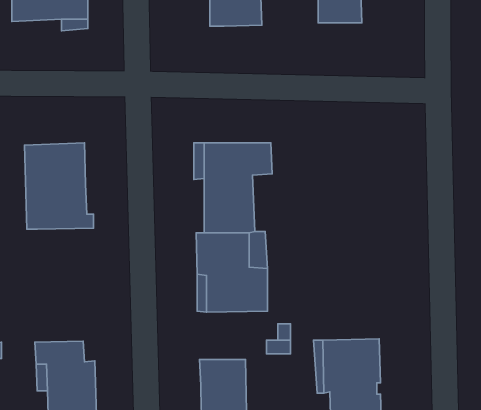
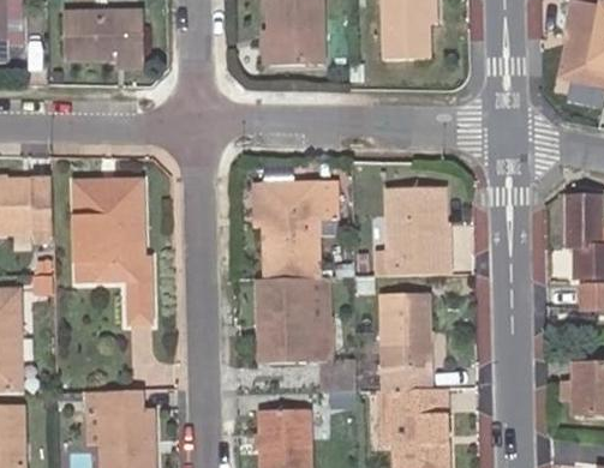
building: none -> [376,188,444,276]
building: none -> [79,272,150,322]
building: none -> [382,293,432,367]

